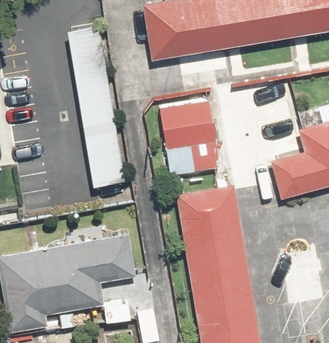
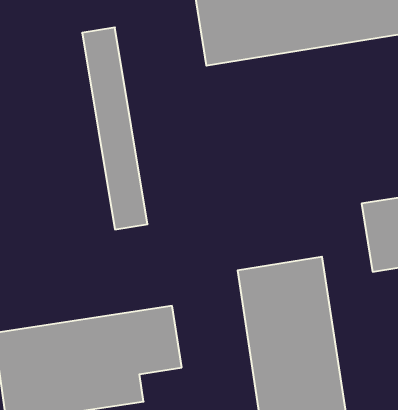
building: [160,102,222,173] -> none

